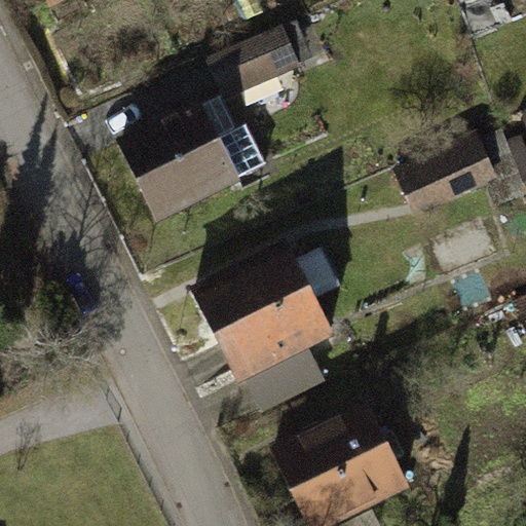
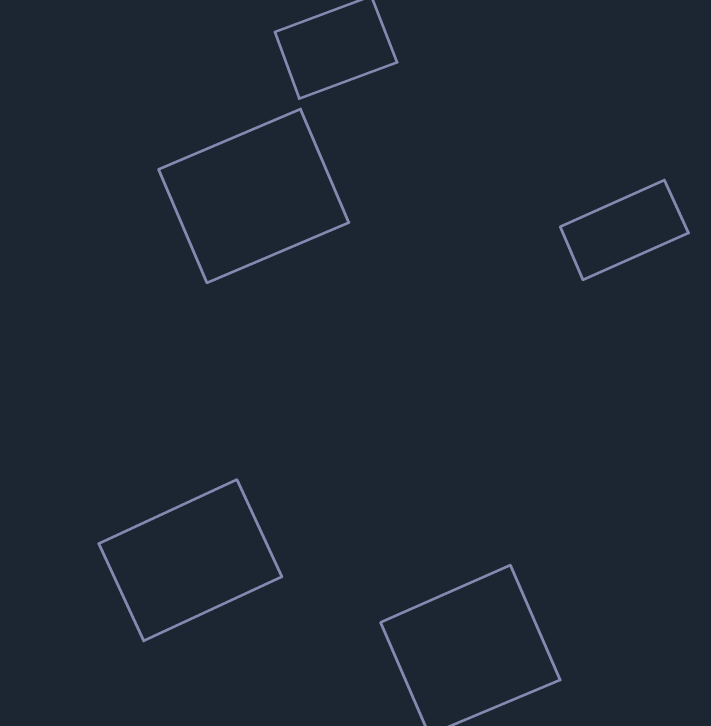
building: [204,257,331,381] -> none
building: none -> [99,480,282,641]

